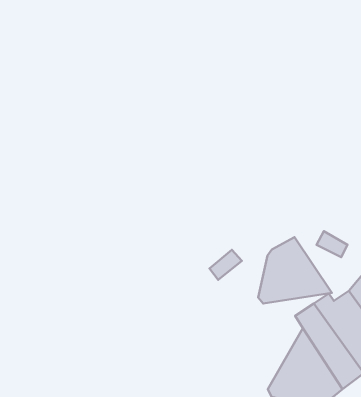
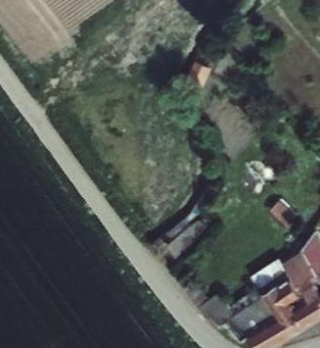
building: [258,237,332,303] -> none

